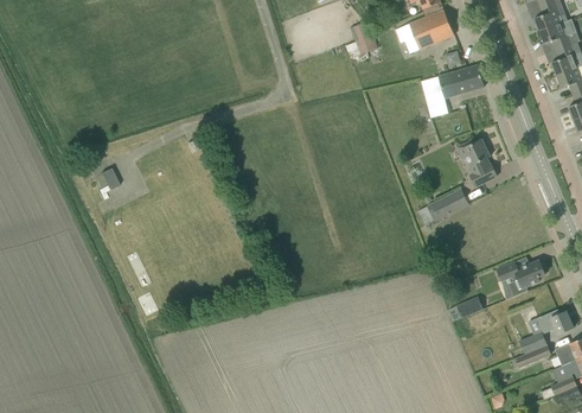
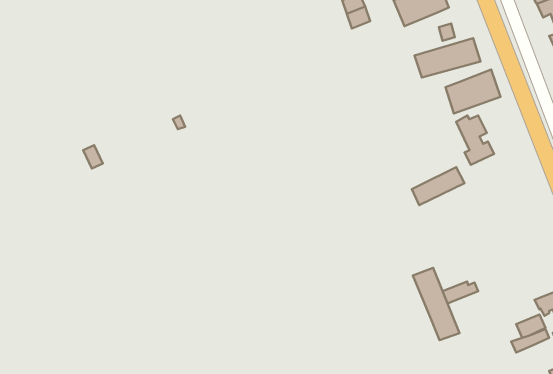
building: none -> [445,70,500,113]
building: [497,260,545,296] -> none
building: none -> [413,268,459,340]

